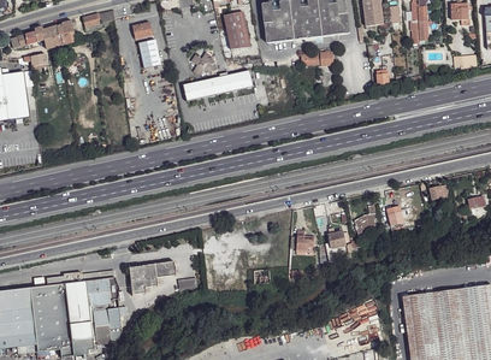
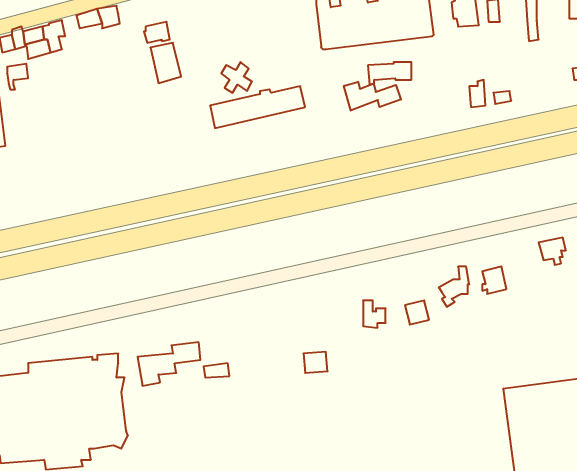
building: [224,11,252,49] -> none
building: none -> [344,82,401,111]

